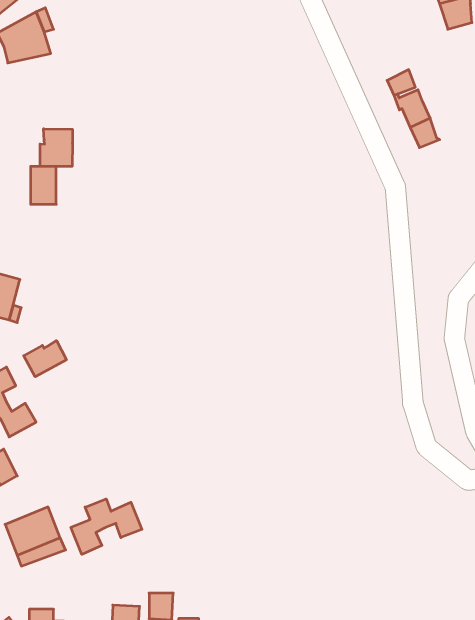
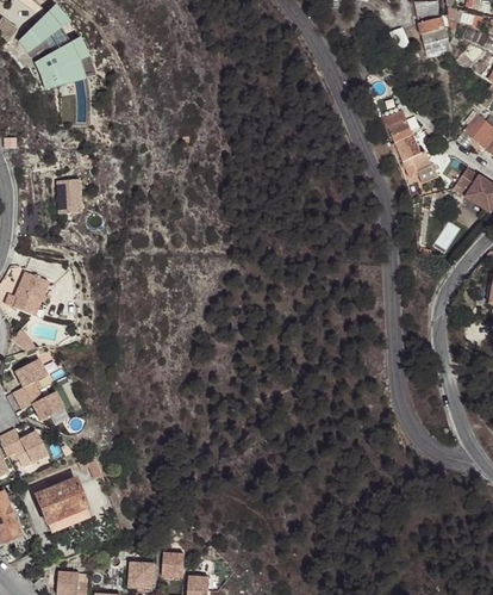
building: [40,129,72,166] -> none
building: none -> [404,151,435,184]
building: [24,341,66,377] -> none
building: [71,499,142,554] -> none

